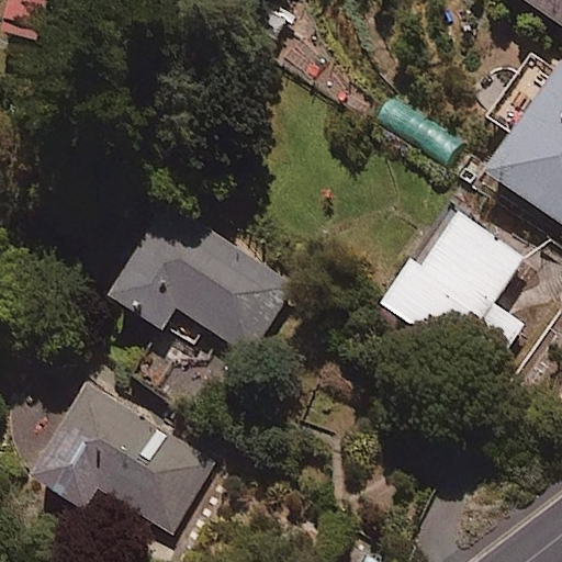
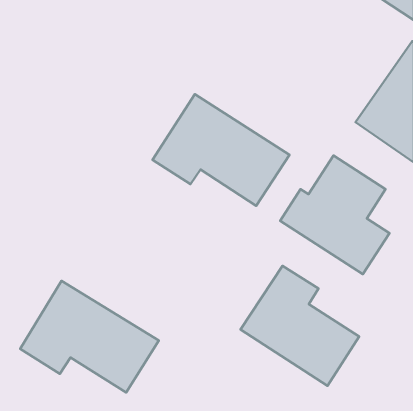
building: [112,206,297,358] -> [153,94,289,206]
building: none -> [240,266,359,386]

